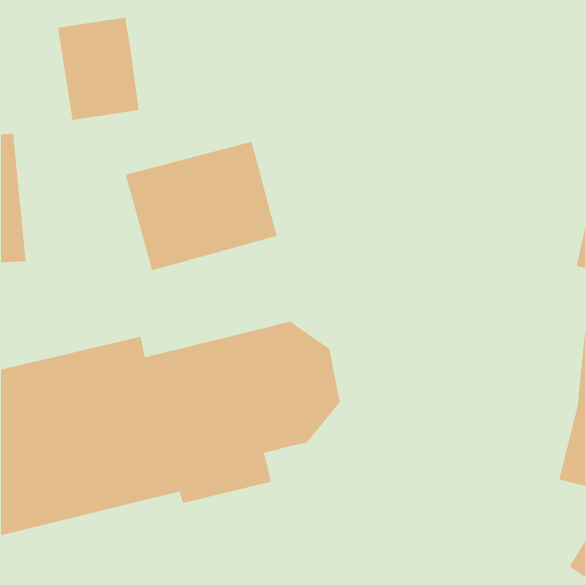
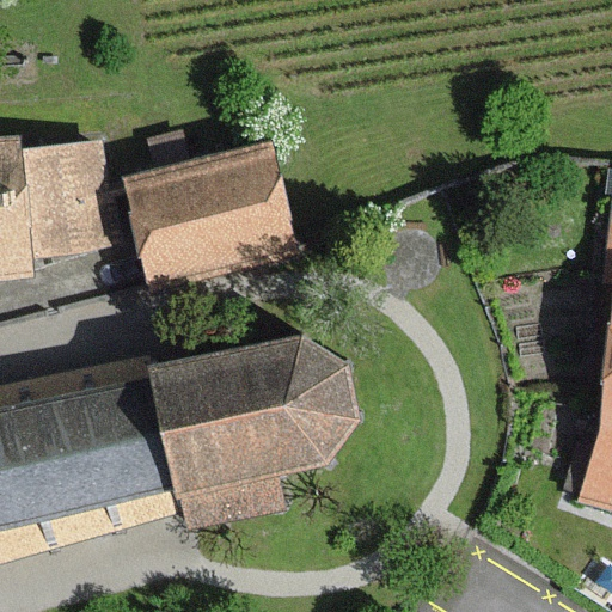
building: [57,17,140,120] -> [29,143,115,251]

